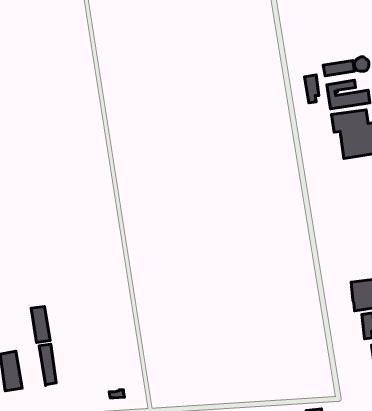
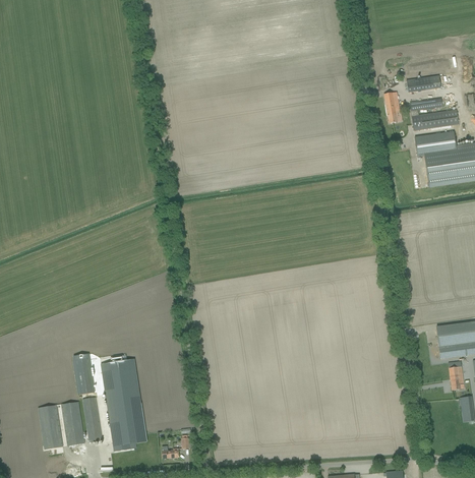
building: none -> [101,355,146,452]
building: none -> [61,402,84,445]

